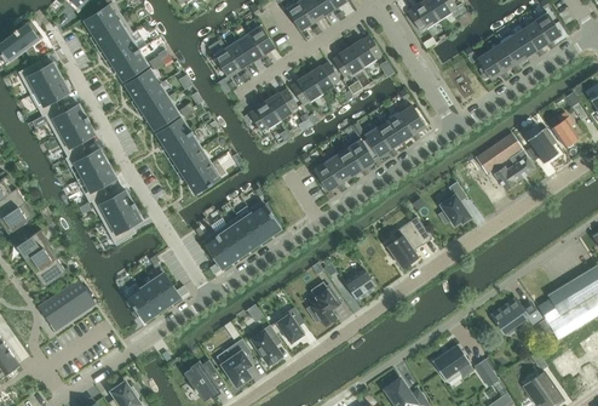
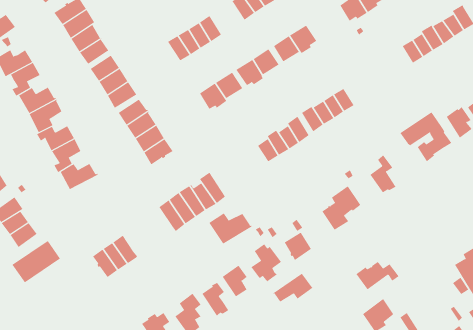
building: [102,205,140,245] -> none
building: none -> [209,212,253,245]
building: [490,301,540,333] -> [356,261,399,290]
building: none -> [272,273,313,303]

